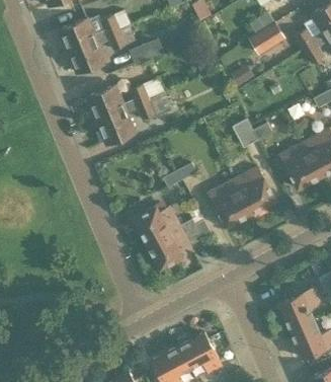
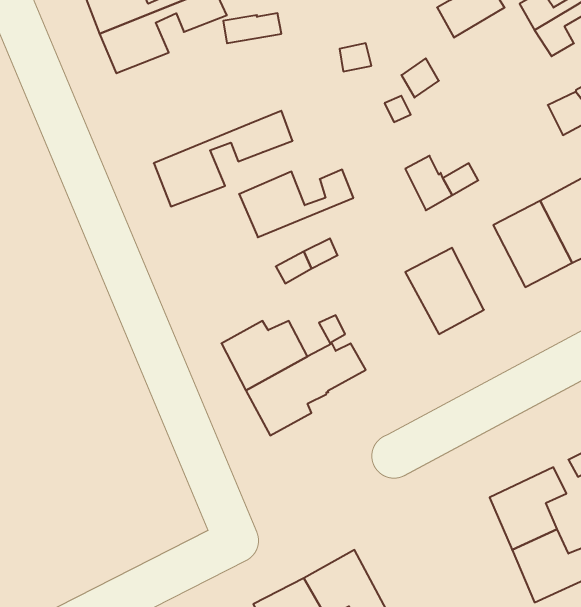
building: [87,86,149,123] -> [239,170,353,237]
building: [209,181,251,228] -> none

